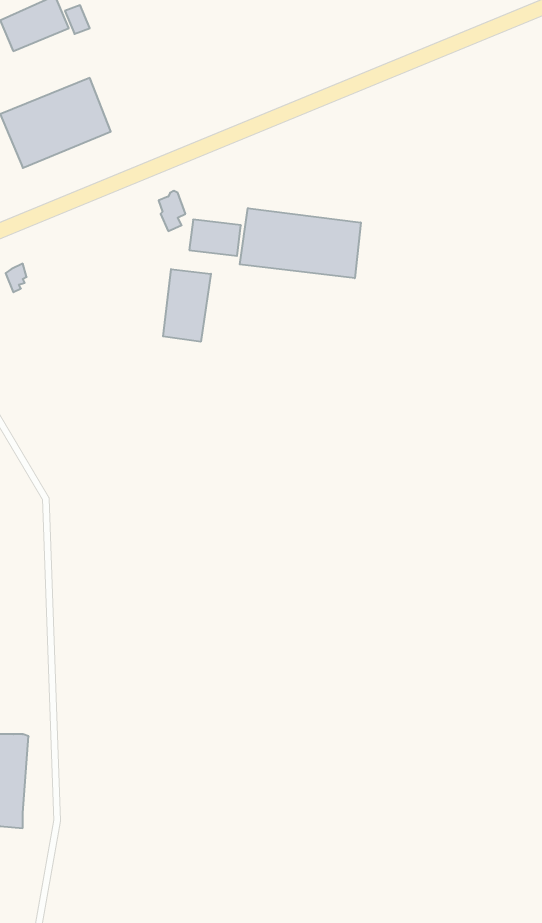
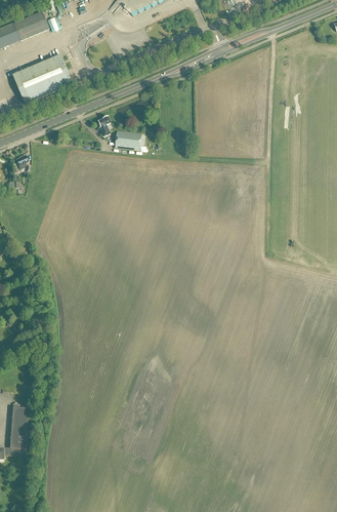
building: [240,208,361,278] -> none
building: [163,269,211,342] -> none

